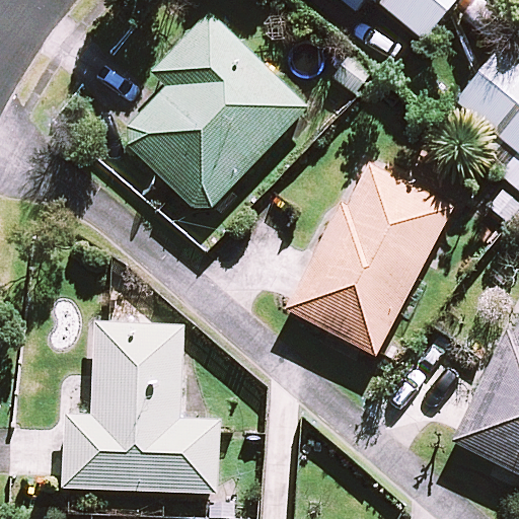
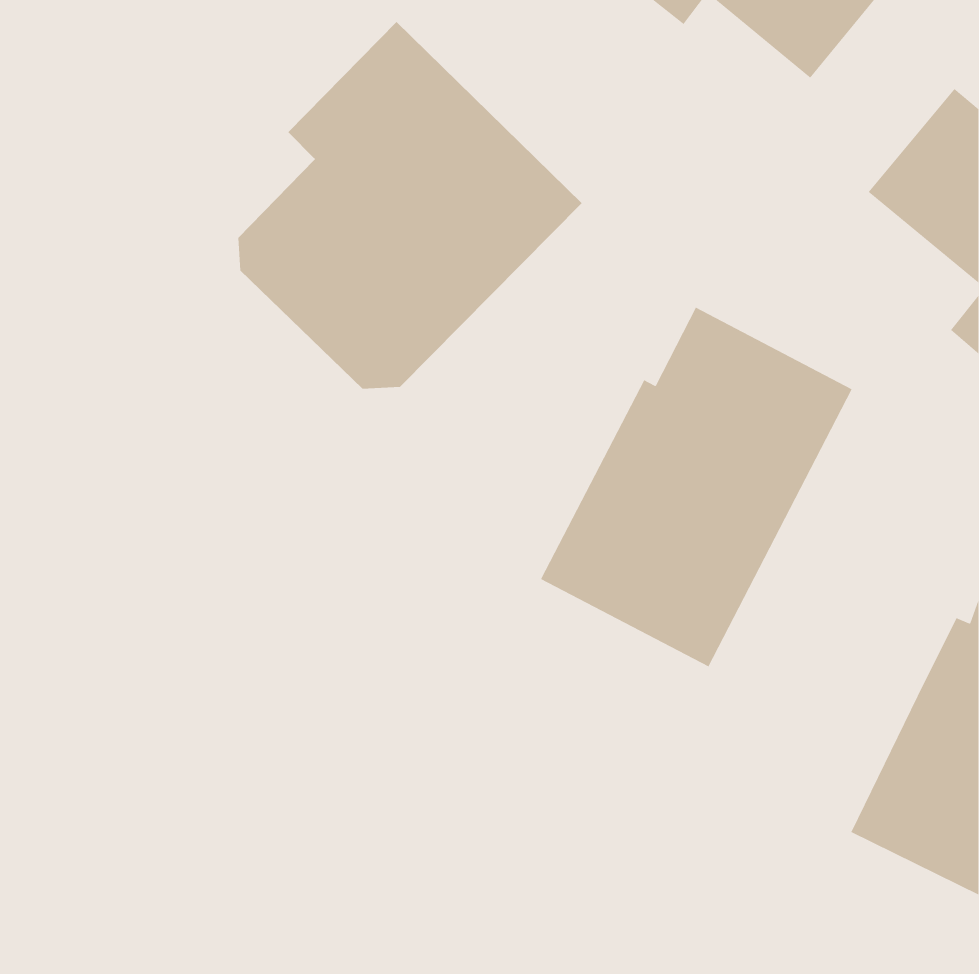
building: [62,320,220,492] -> none

